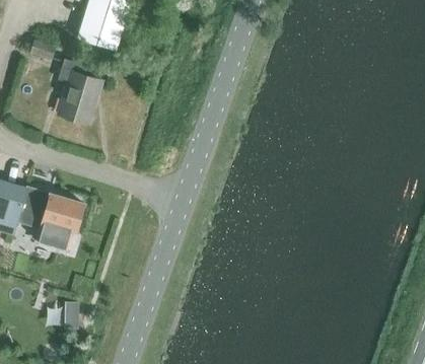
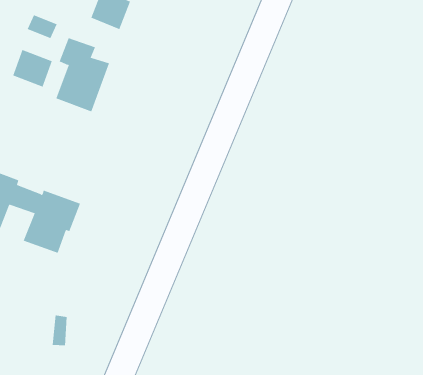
building: none -> [12,49,52,88]

